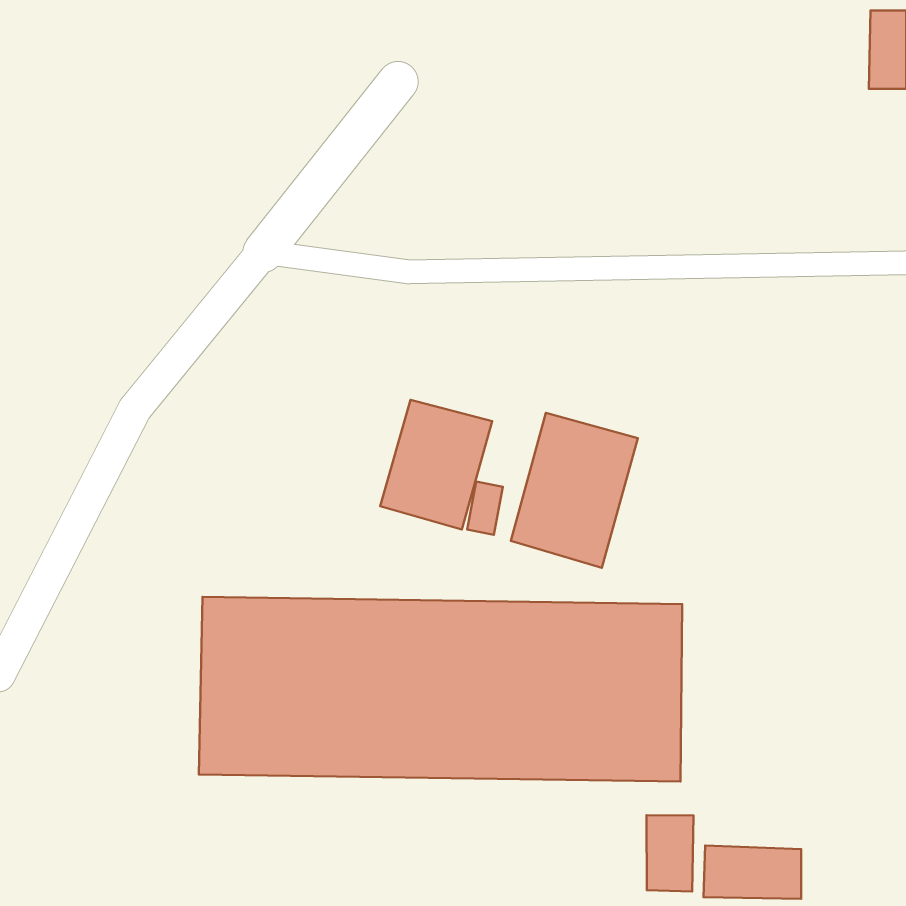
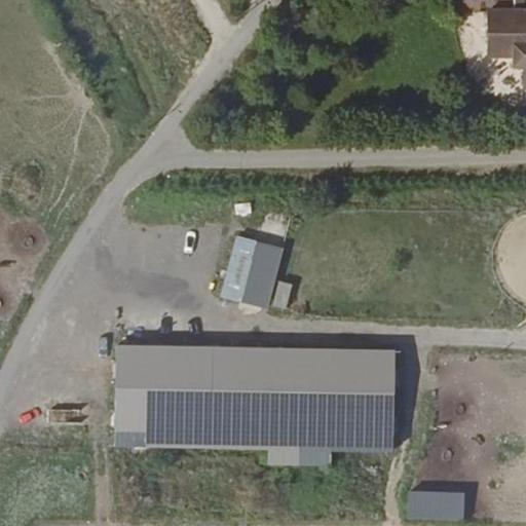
building: [511,413,638,568] -> none
building: [647,815,693,892] -> none

